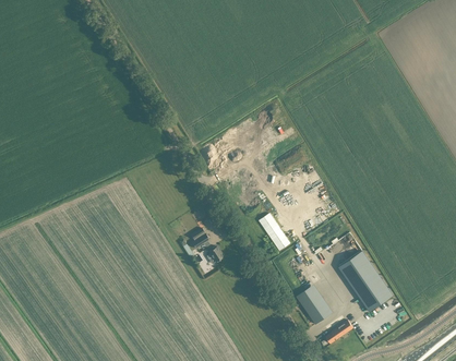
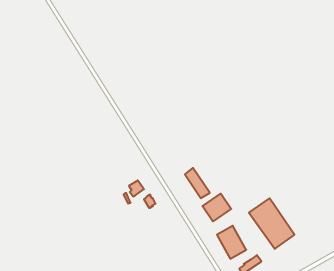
building: none -> [202,194,231,221]

